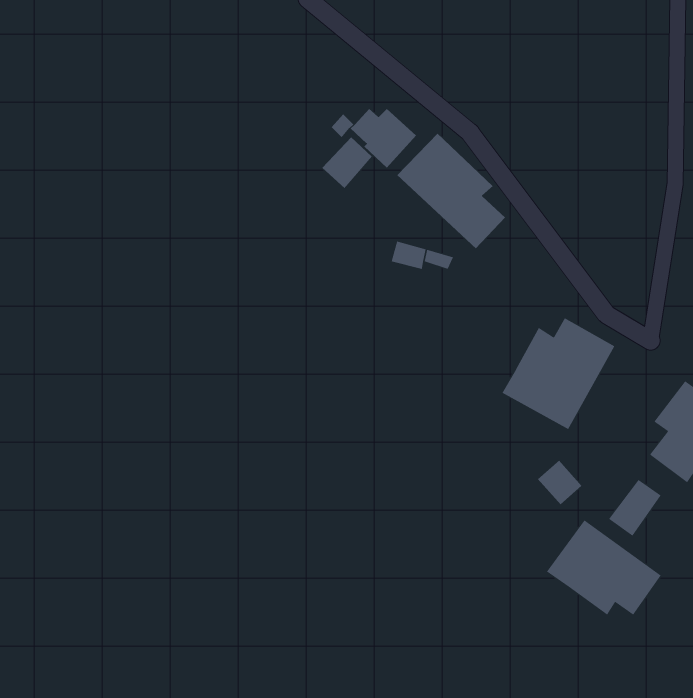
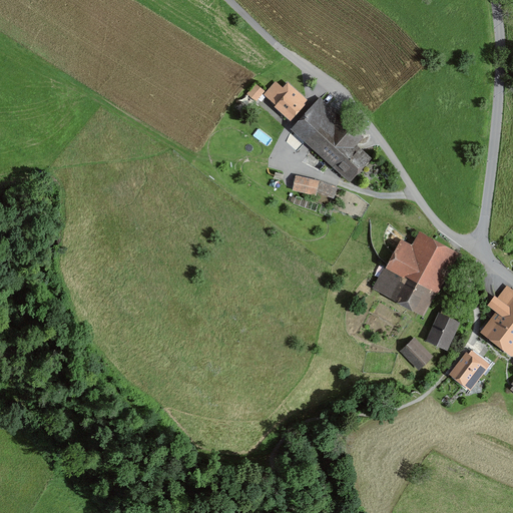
building: [321,136,373,189] -> none
building: none -> [425,315,457,350]
building: [546,519,662,616] -> none

